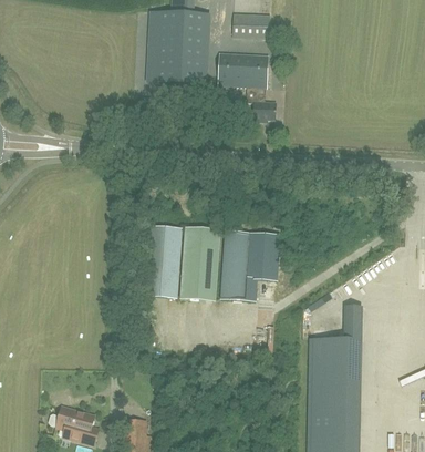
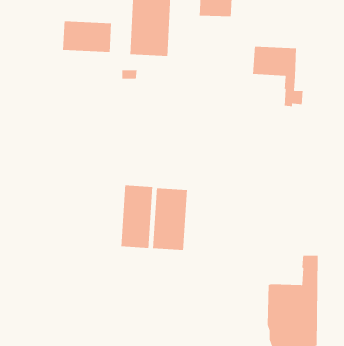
building: none -> [62,21,112,53]
building: [216,52,273,121] -> [252,46,304,107]
building: [218,230,278,300] -> none

